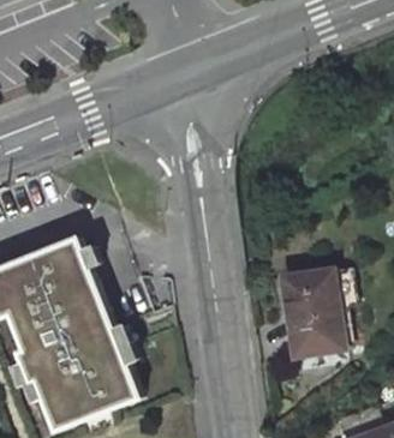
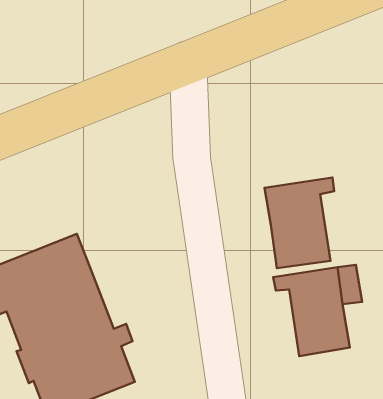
building: none -> [264,177,334,268]

